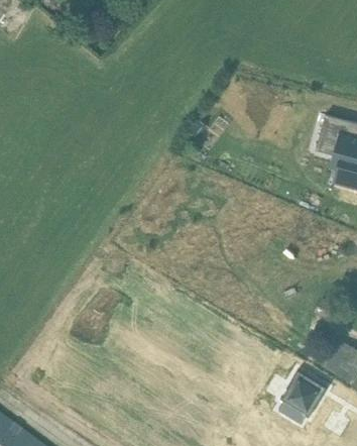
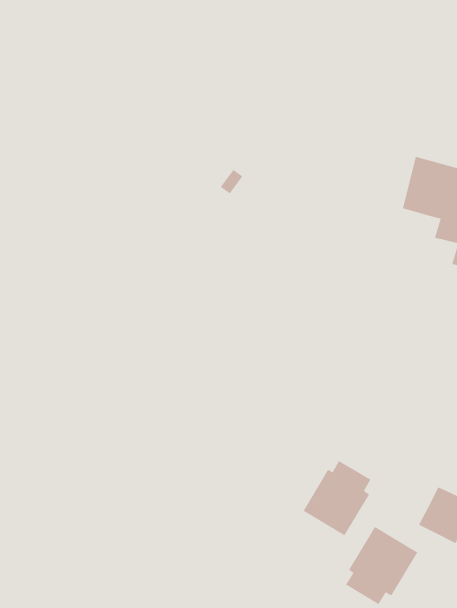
building: none -> [303,460,371,536]

